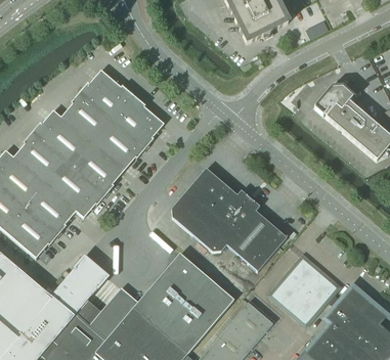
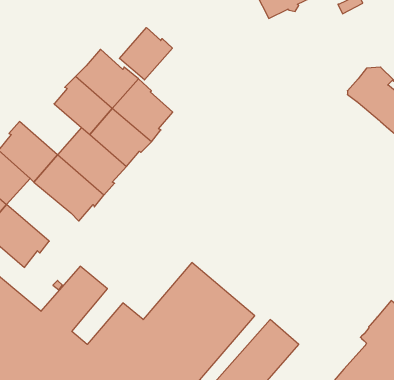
building: none -> [119,28,172,80]
building: [33,108,86,160] -> none
building: [172,168,288,271] -> none
building: [21,180,77,234] -> none
building: [271,257,341,324] -> none

